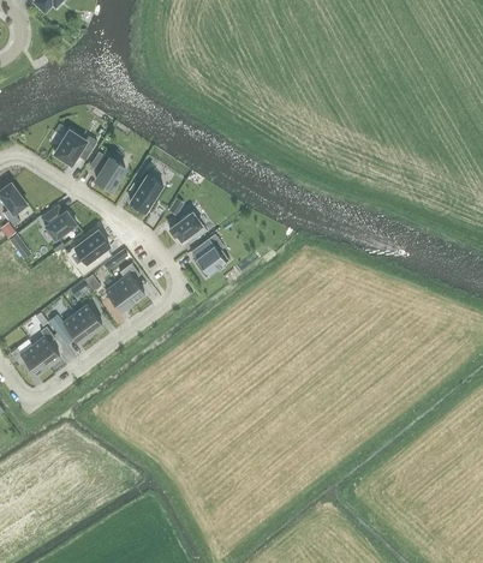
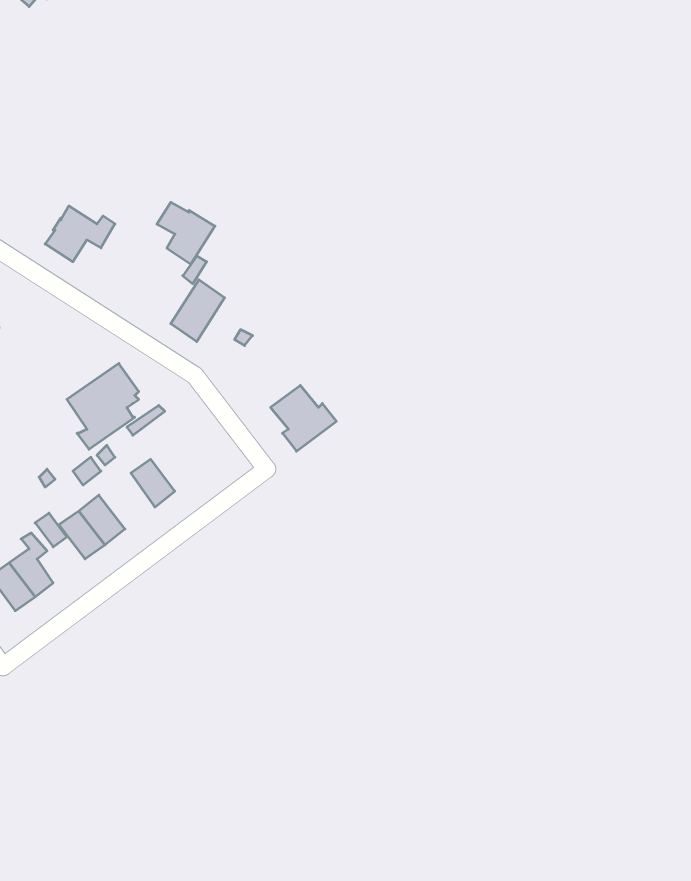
building: [90,152,125,190] -> [157,202,215,264]
building: [41,205,76,239] -> none
building: [168,211,207,240] -> none
building: [118,263,144,301] -> none

